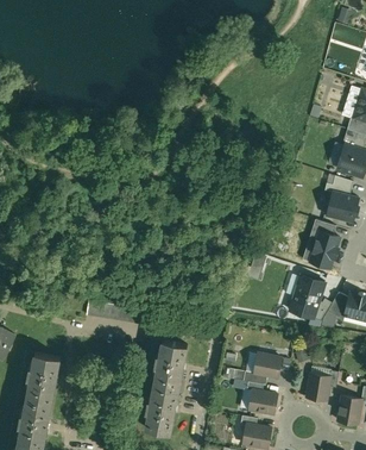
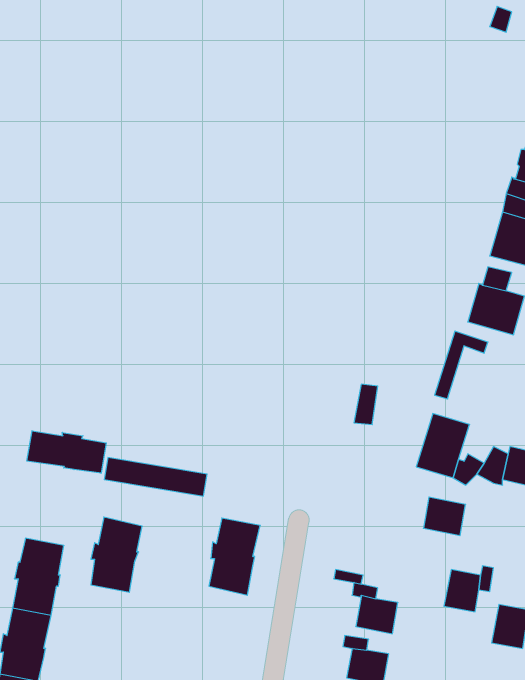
building: [309,227,340,269] -> none
building: none -> [27,431,106,473]
building: [254,352,282,377] -> [423,497,466,536]
building: [146,383,179,432] -> [91,517,142,592]

